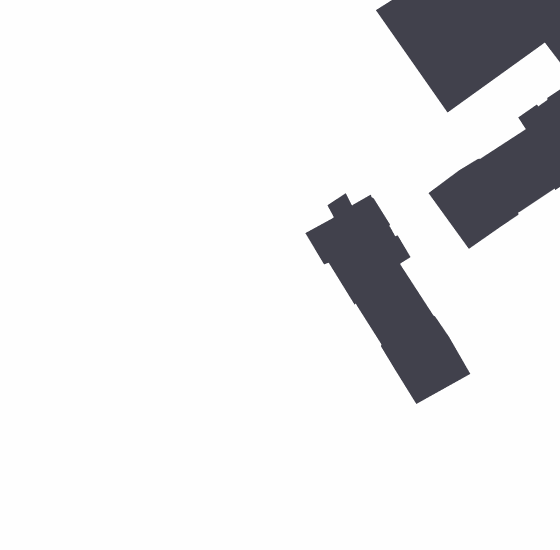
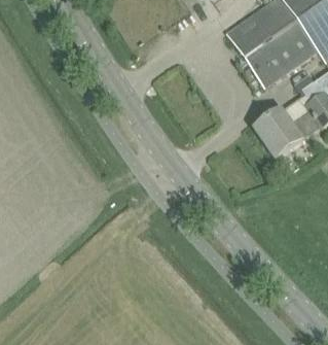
building: [304,192,471,405] -> none

